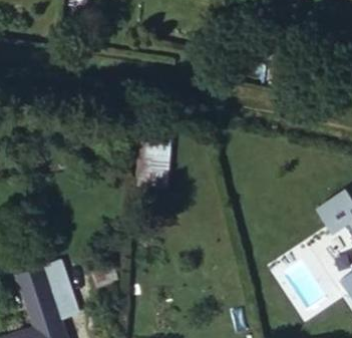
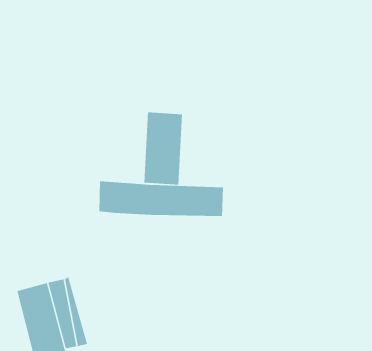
building: none -> [99,181,223,217]

